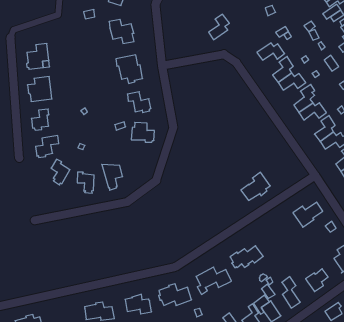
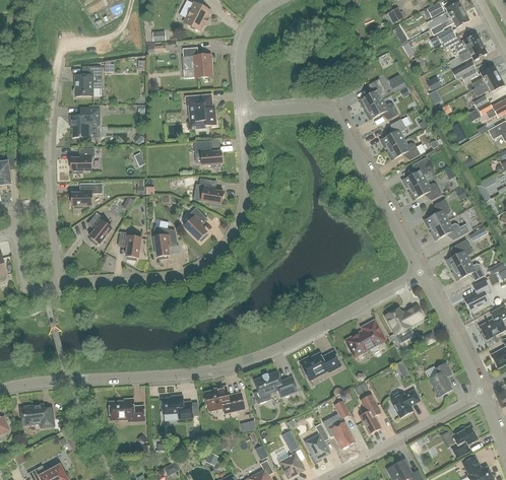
building: [209,14,229,40] -> [359,78,386,109]
building: none -> [184,207,207,241]
building: [241,172,270,200] -> [346,321,384,354]

